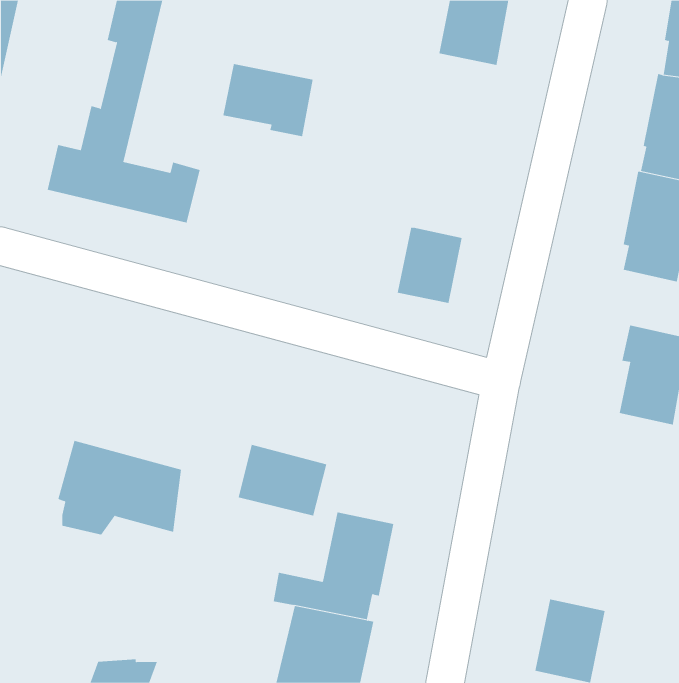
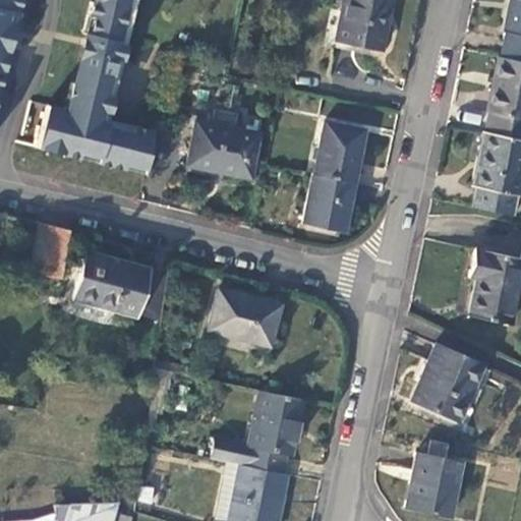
building: [223,63,313,137] -> [190,119,259,175]
building: none -> [317,123,365,181]
building: none -> [33,223,71,277]
building: [58,440,182,535] -> [75,251,170,324]
building: [238,444,327,516] -> [211,290,279,345]
building: none -> [410,347,489,435]

